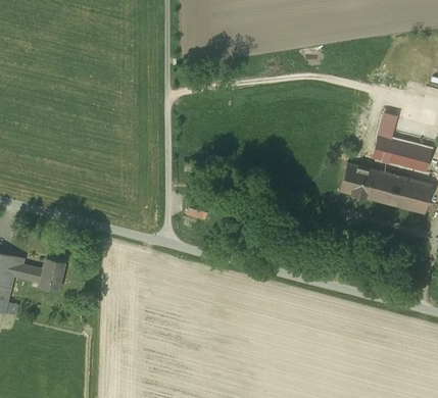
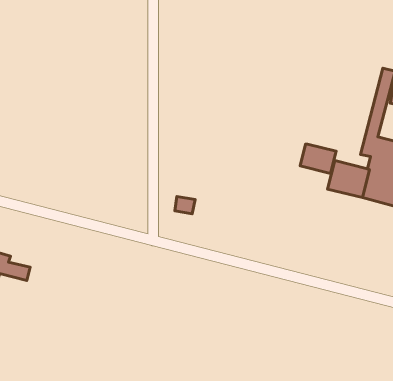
building: none -> [300,144,336,174]
building: [40,258,65,292] -> none

